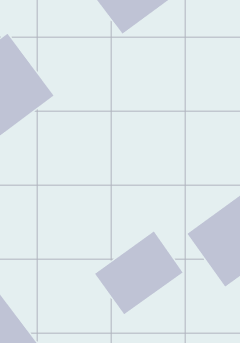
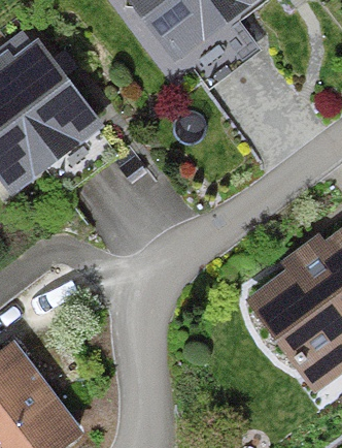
building: [94,231,184,315] -> none

